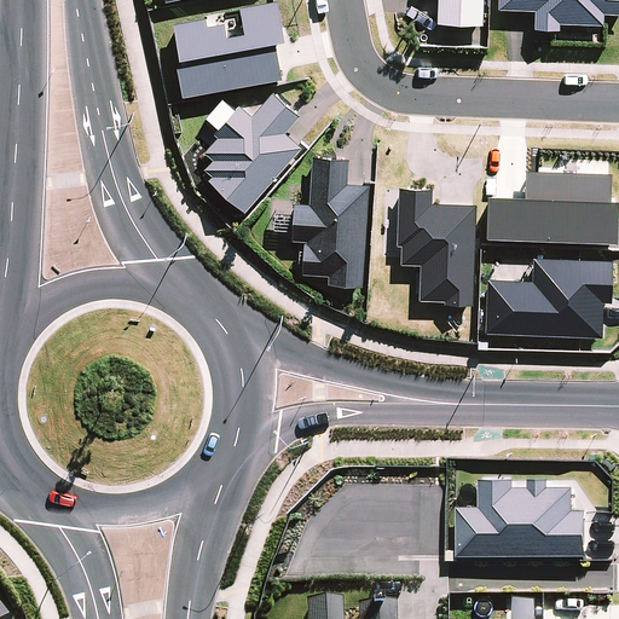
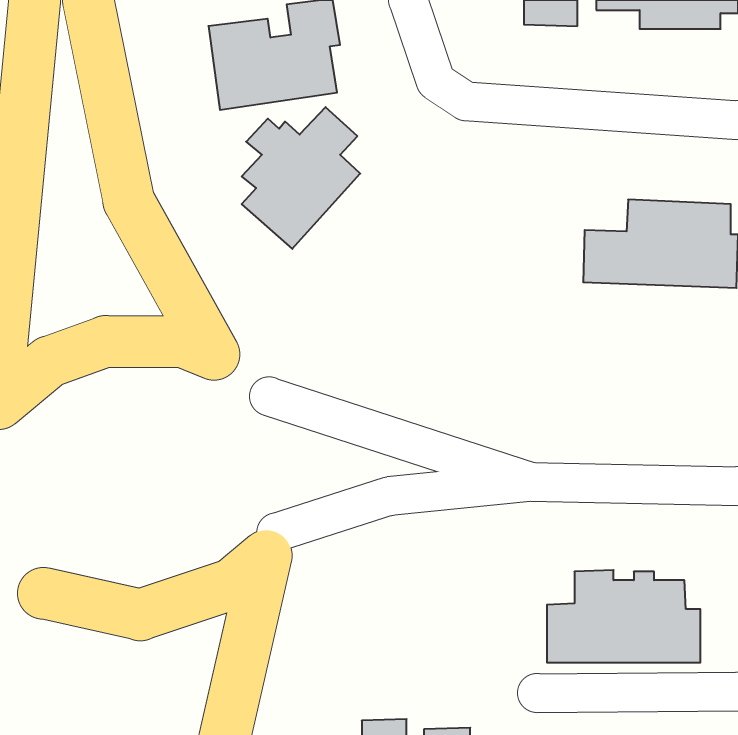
building: [291,158,369,287] -> none
building: [399,189,474,303] -> none
building: [485,259,611,337] -> none

